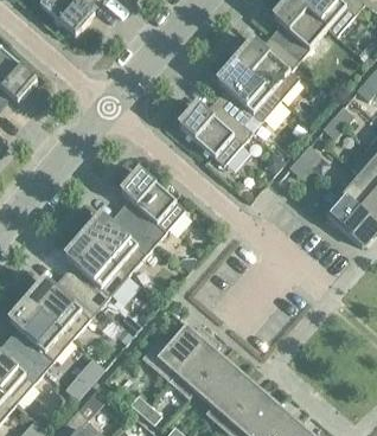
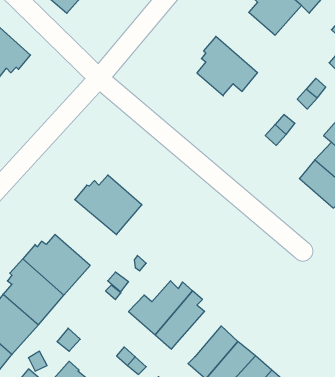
building: [235,34,299,100] -> none
building: [179,100,253,165] -> none
building: [119,171,185,242] -> none
building: [62,236,128,307] -> none
building: [193,357,241,405] -> none

